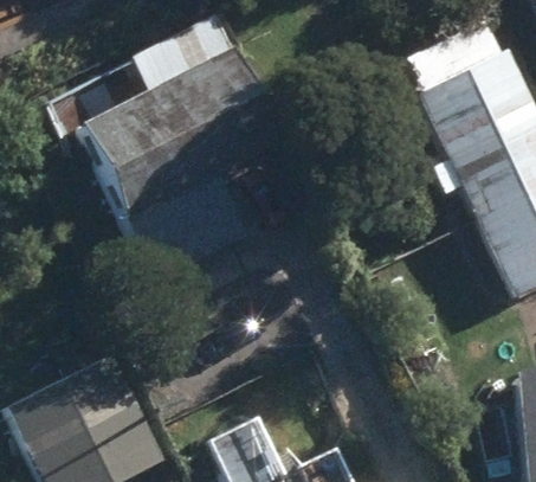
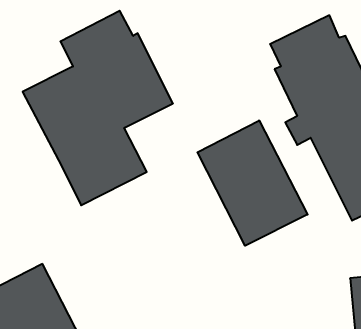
building: none -> [197,120,308,246]

